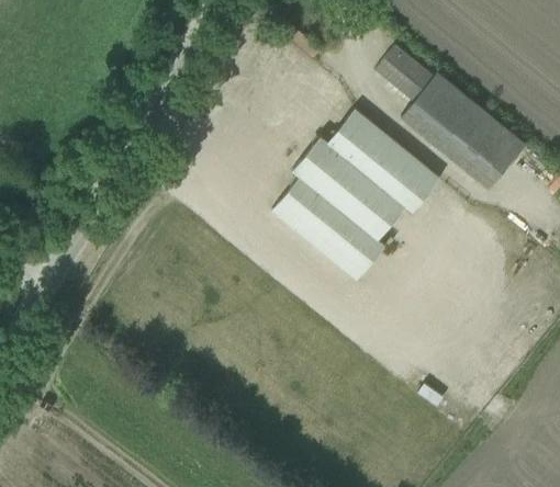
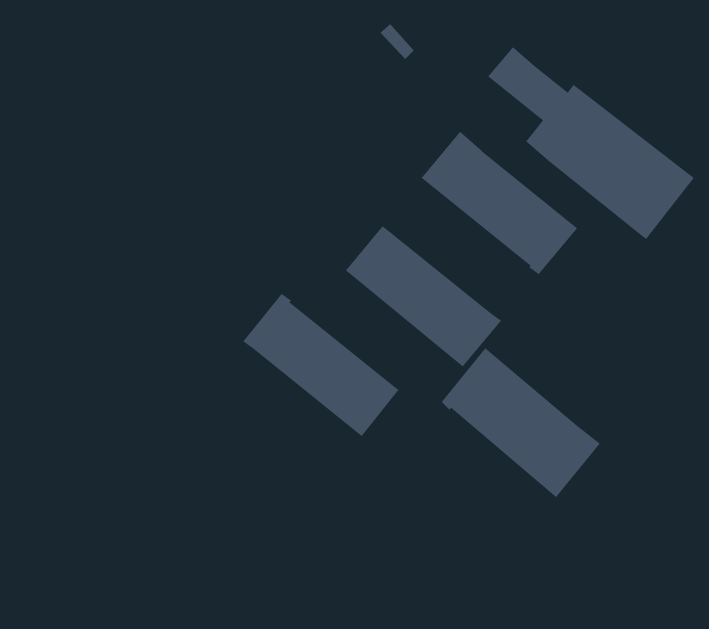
building: [291,136,405,240] -> [242,293,400,437]
building: none -> [441,347,601,498]

